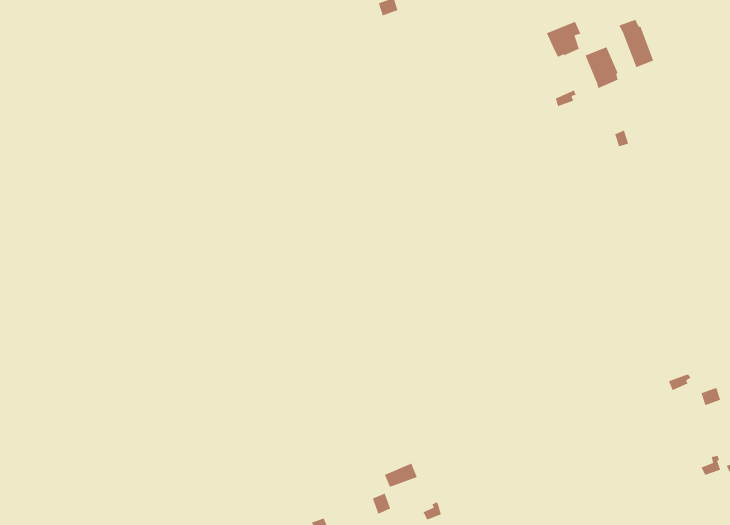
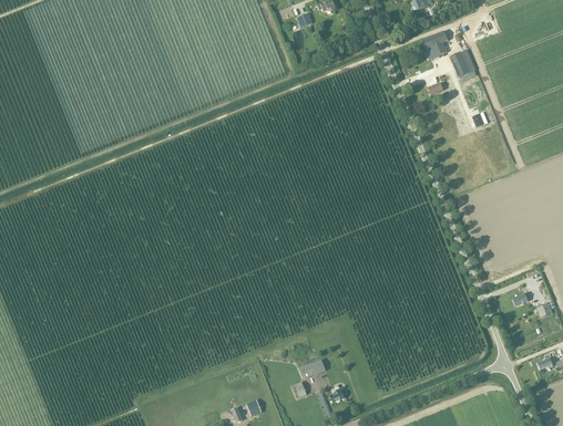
building: [618,19,654,68] -> none

